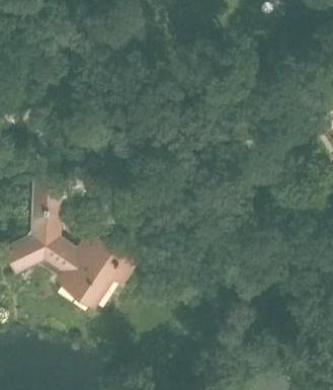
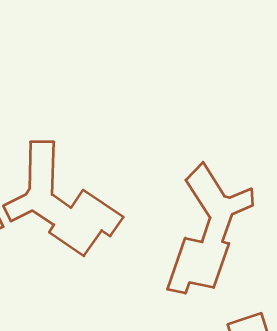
building: none -> [167,162,253,293]

